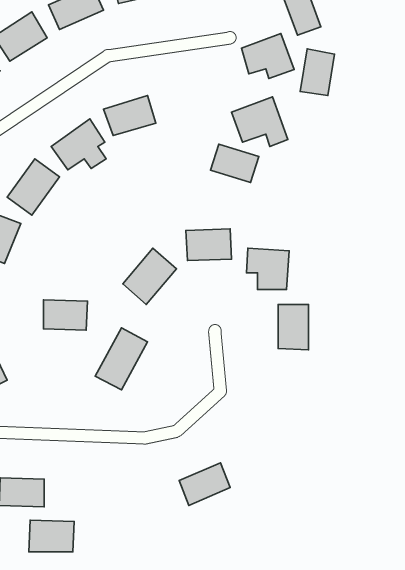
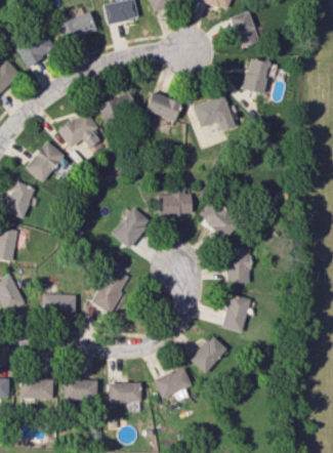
building: [241,33,294,79] -> none
building: [211,144,259,183] -> [145,92,181,121]
building: [43,300,87,330] -> [43,293,76,316]
building: none -> [222,294,251,333]
building: none -> [190,335,227,373]
building: none -> [108,382,140,403]
building: [29,520,74,552] -> [64,379,97,403]

